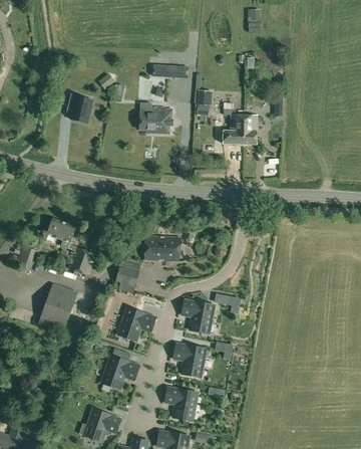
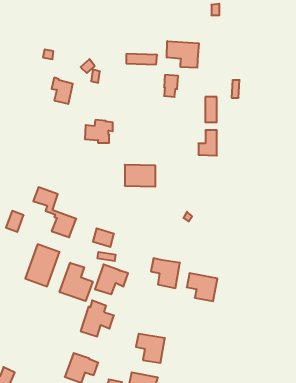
building: none -> [167,41,199,68]
building: [139,106,171,133] -> [85,120,113,143]
building: [223,115,244,144] -> [198,130,217,156]
building: [144,235,179,260] -> [125,165,155,187]
building: none -> [60,263,93,301]
building: [172,343,208,375] -> [187,273,217,301]

